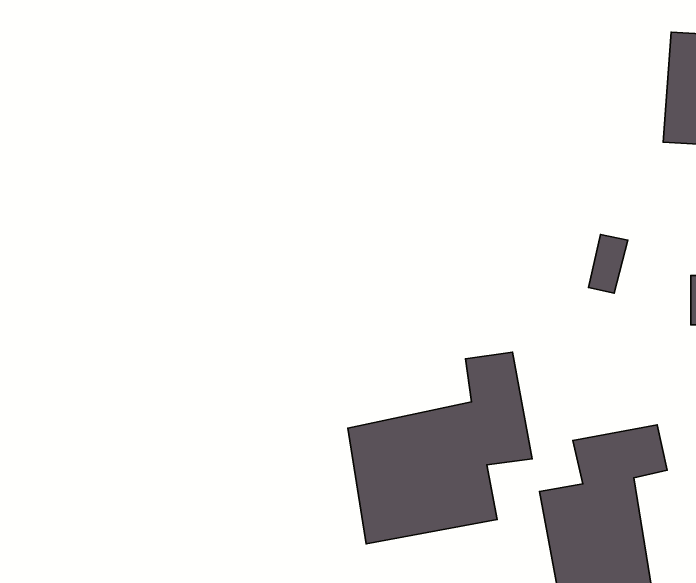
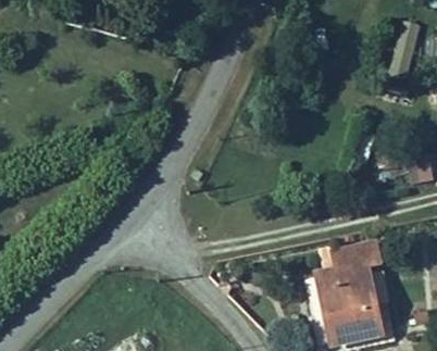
building: [348,352,532,544] -> none

